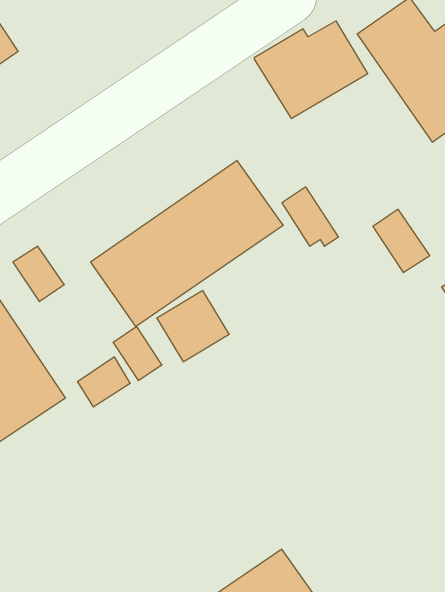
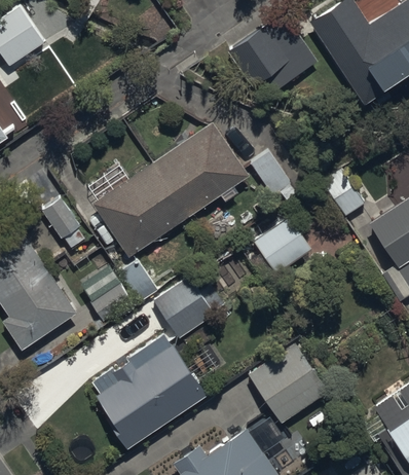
building: none -> [252,206,309,269]
building: [157,291,229,362] -> [156,280,213,335]
building: none -> [89,334,207,445]
building: none -> [250,346,326,423]

